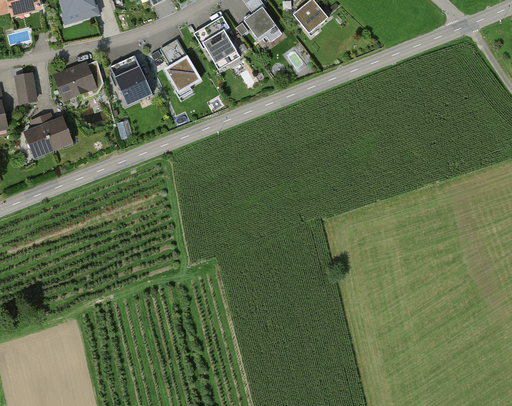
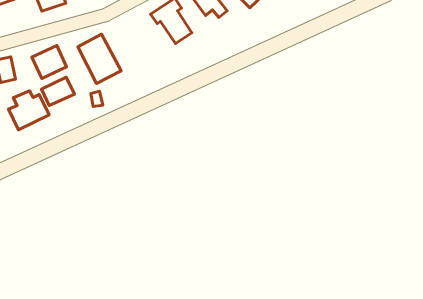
building: [160,39,201,94] -> none
building: none -> [41,77,74,106]

